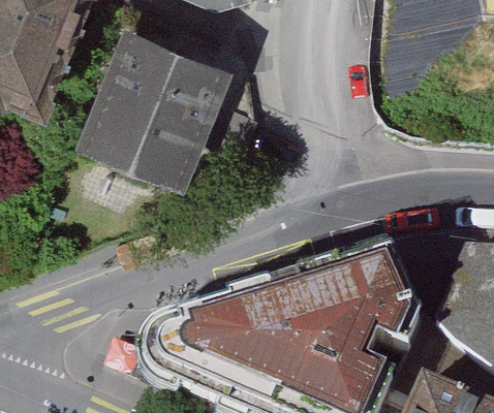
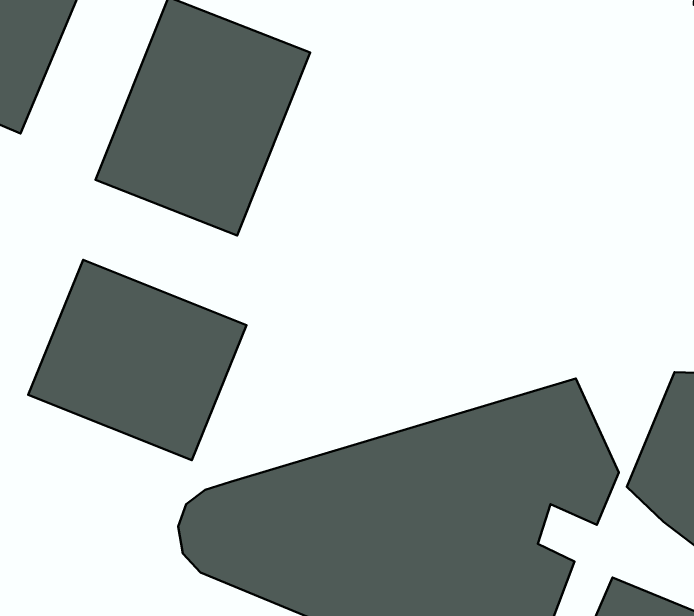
building: none -> [28,260,247,460]

